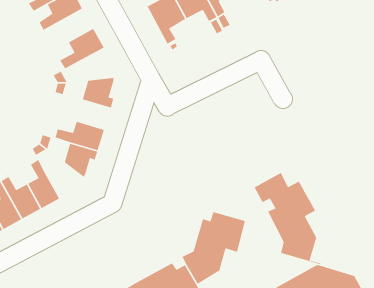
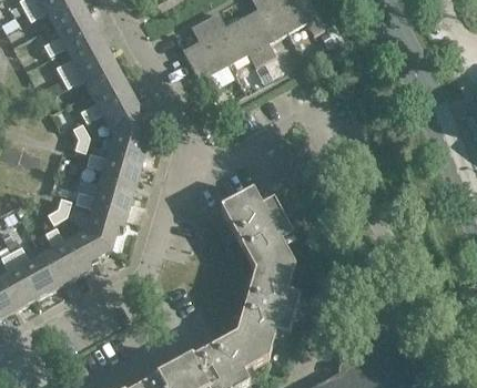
building: none -> [60,51,119,90]
building: none -> [101,96,143,134]
building: none -> [85,152,140,192]
building: none -> [63,231,108,273]
building: [254,172,322,265] -> [219,190,298,298]

